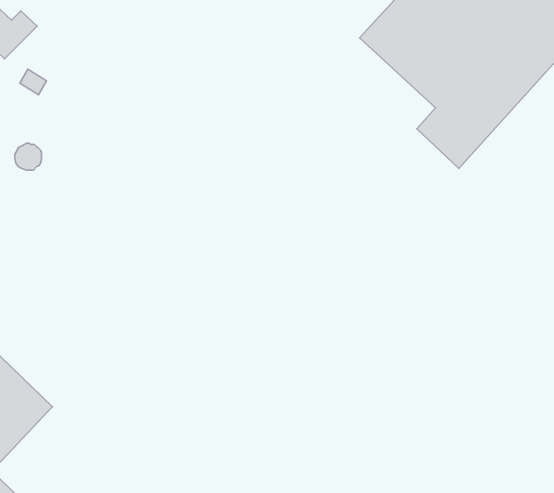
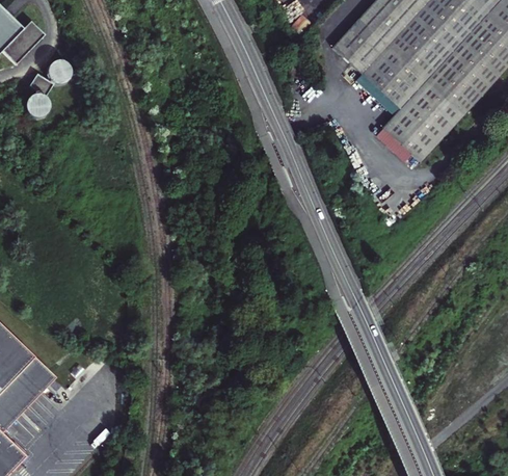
building: none -> [47,62,71,85]
building: [15,143,42,170] -> [24,95,48,118]

